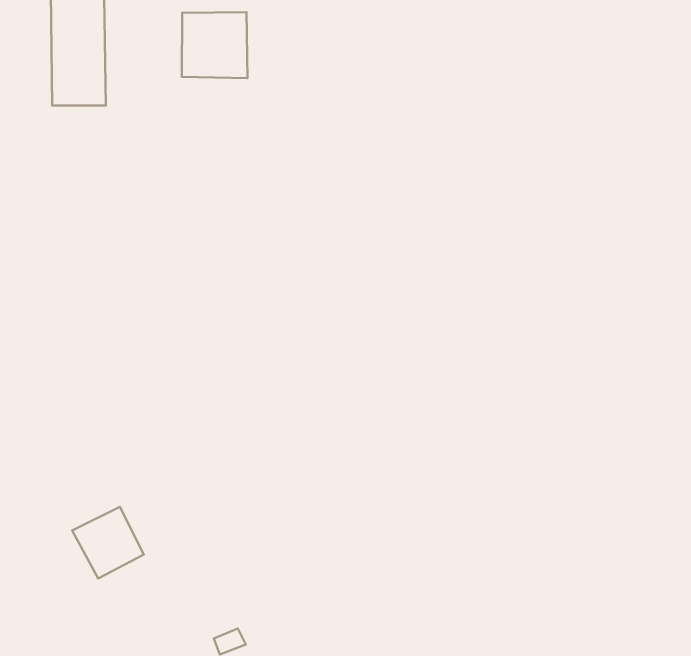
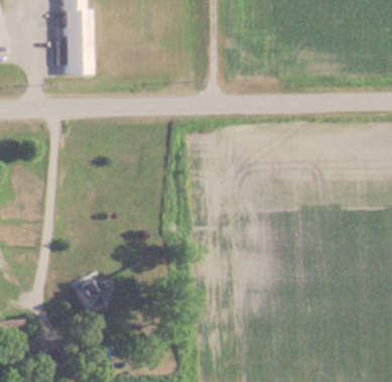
building: [182,12,247,78] -> none

